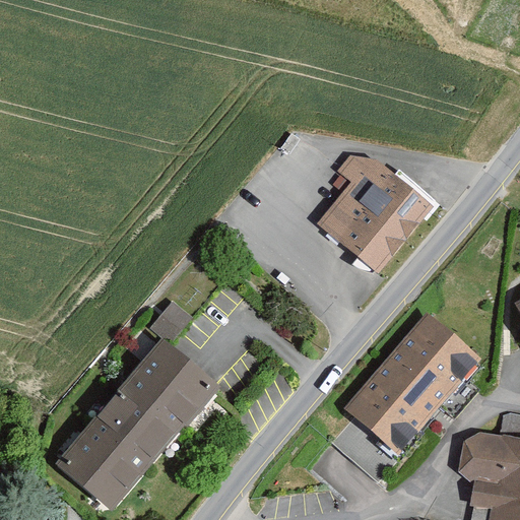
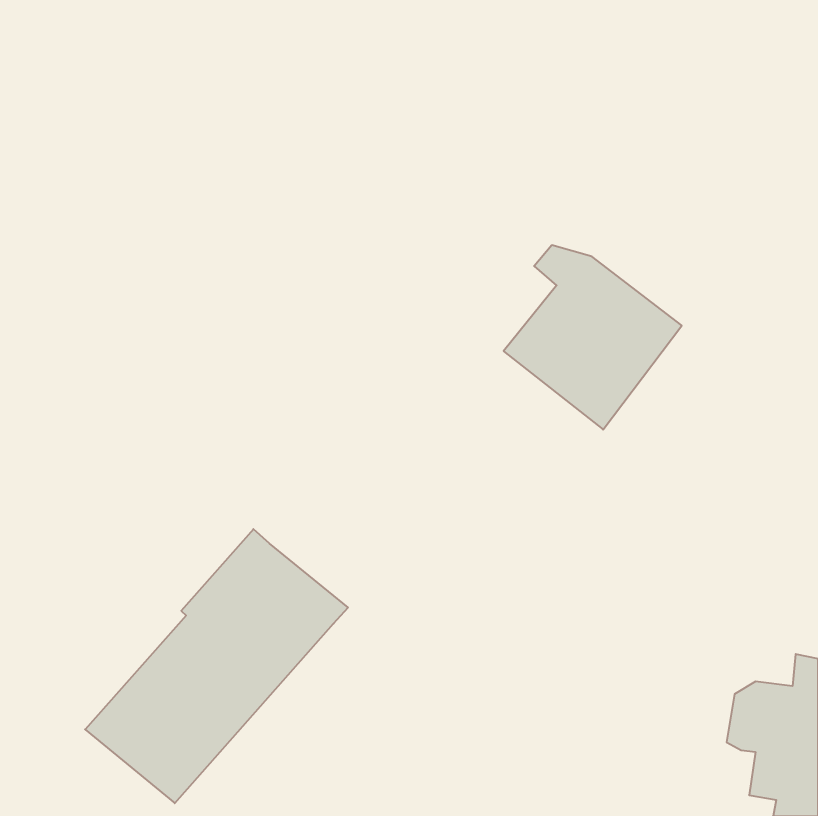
building: [149,299,192,342] -> none
building: [347,317,476,451] -> none

